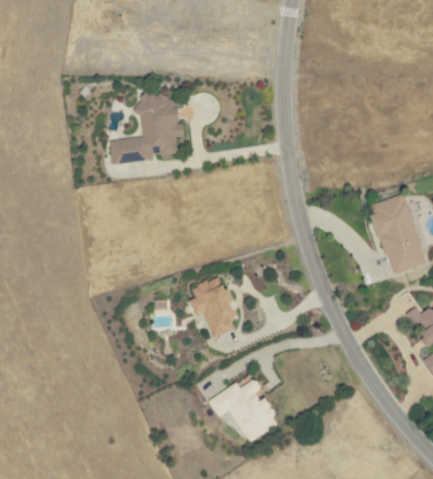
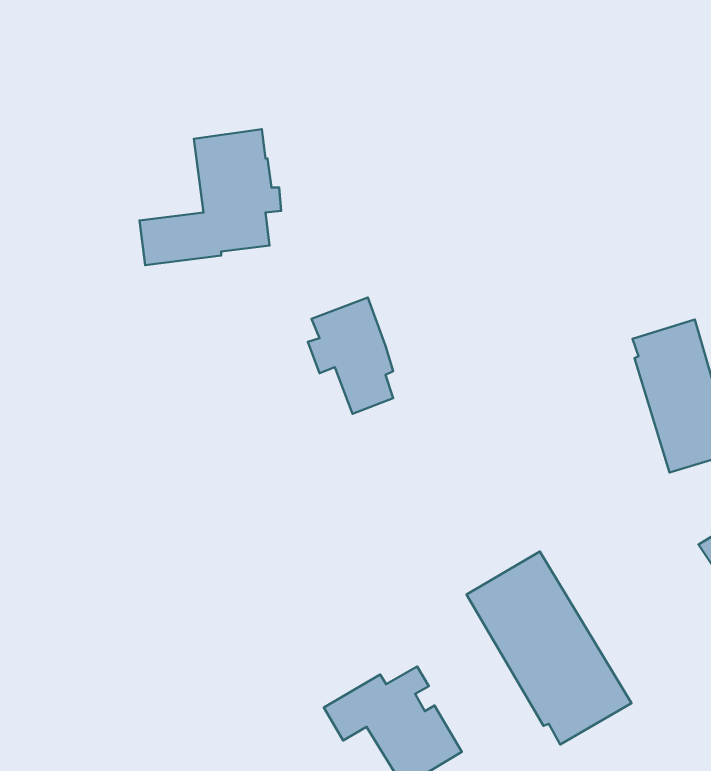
building: [189,276,235,338] -> [308,297,393,414]
building: none -> [467,551,632,744]

